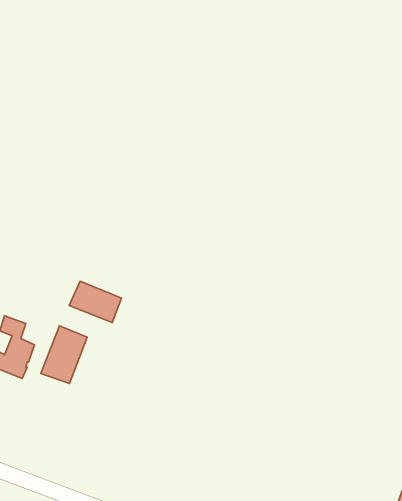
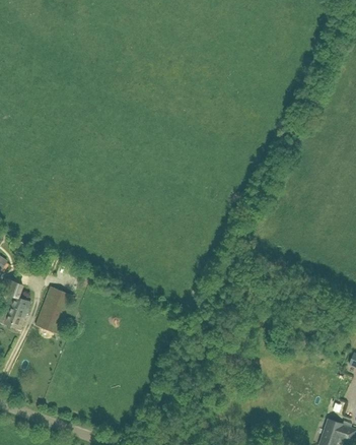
building: [69,281,121,322] -> none

